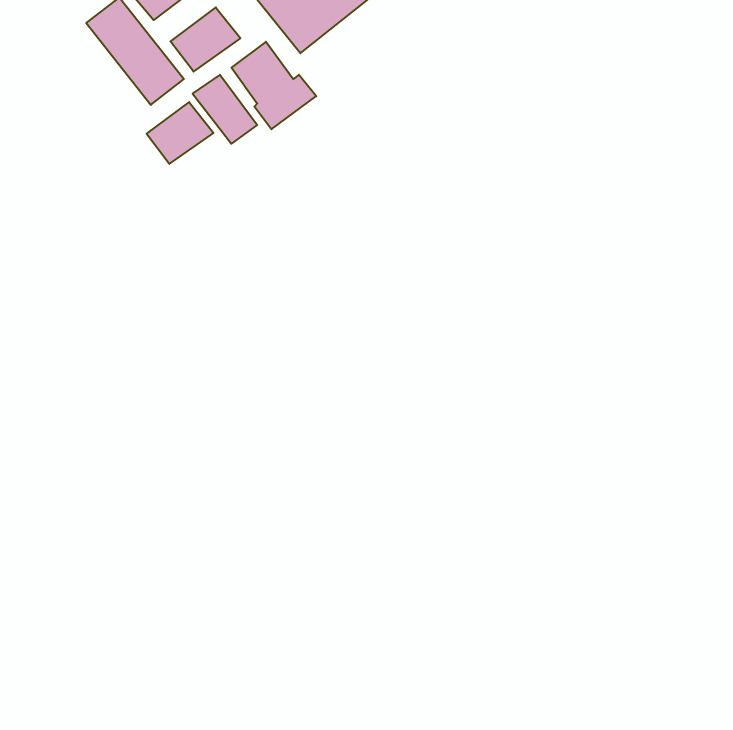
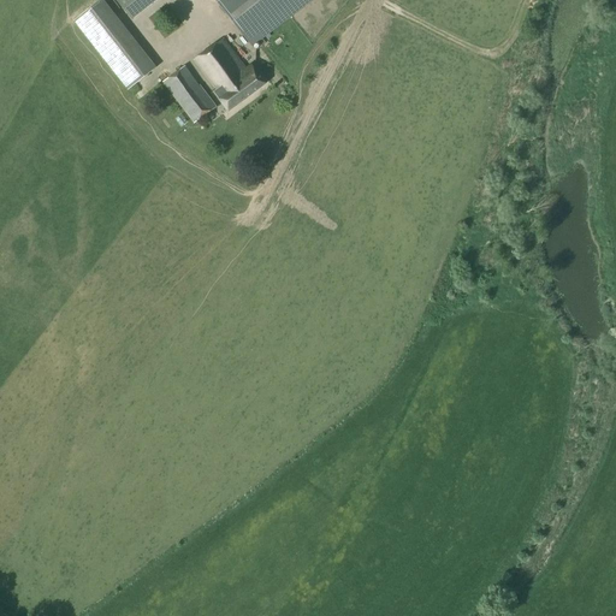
building: [170,7,240,72] -> none
building: [147,102,213,164] -> none

